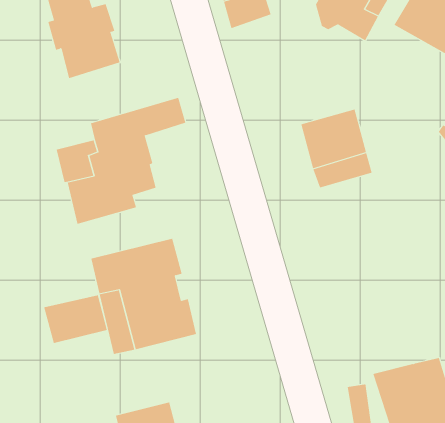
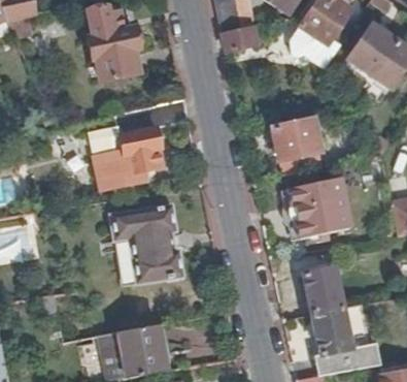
building: none -> [286,178,349,240]
building: [44,294,108,344] -> none
building: none -> [302,268,341,315]

